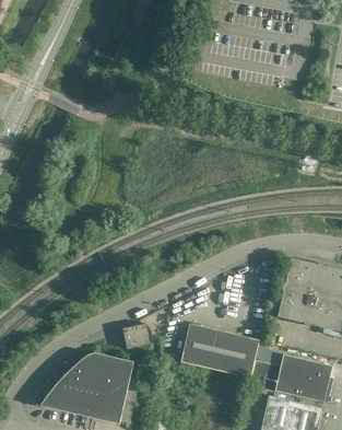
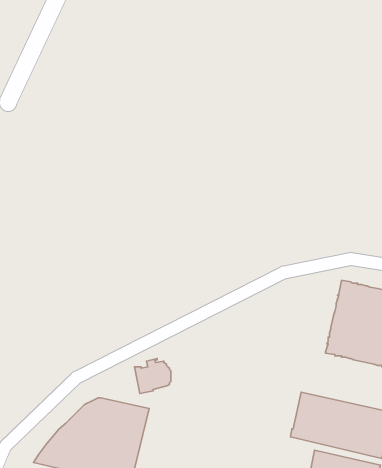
building: [180,324,260,379] -> none

